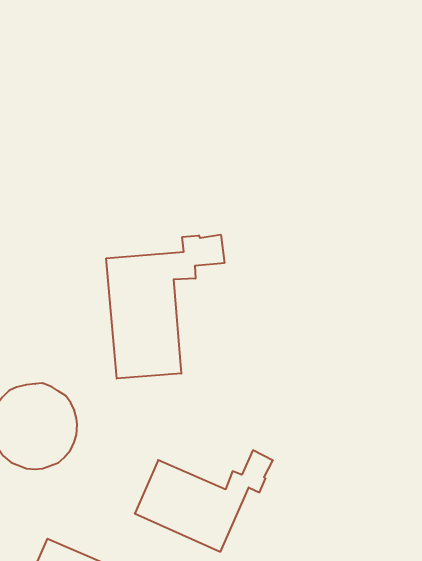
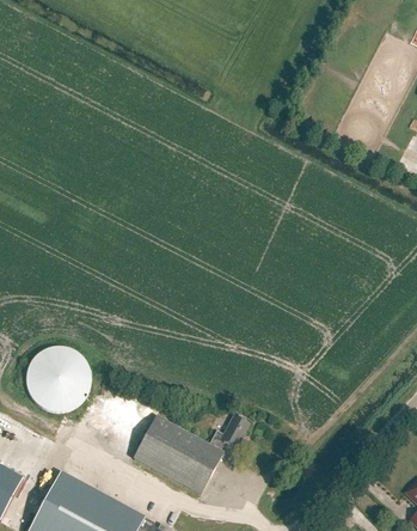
building: [106,235,224,379] -> none

